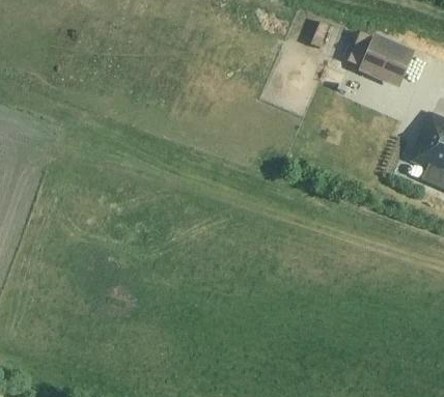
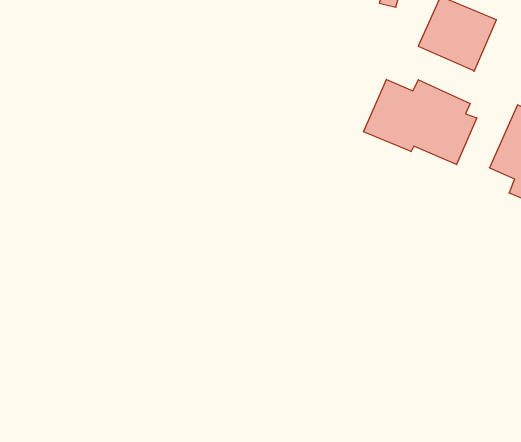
building: none -> [363,79,477,165]

